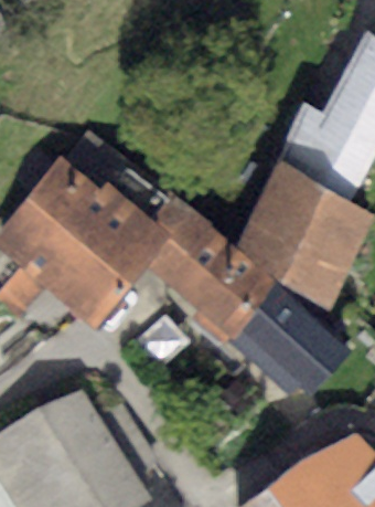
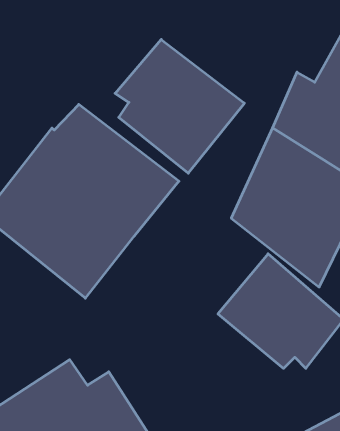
building: none -> [115,39,244,173]
building: [142,211,275,342] -> none

